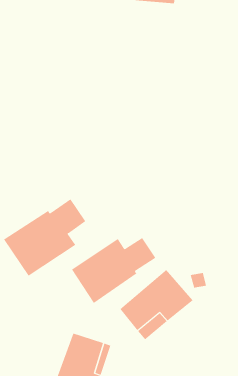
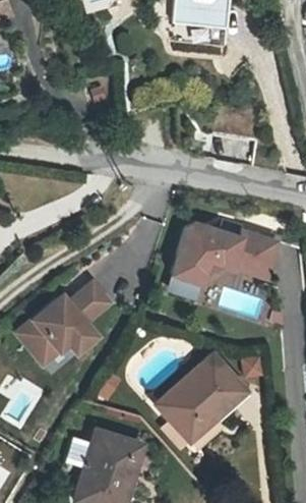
building: none -> [170,213,283,297]
building: [71,237,156,304] -> none

